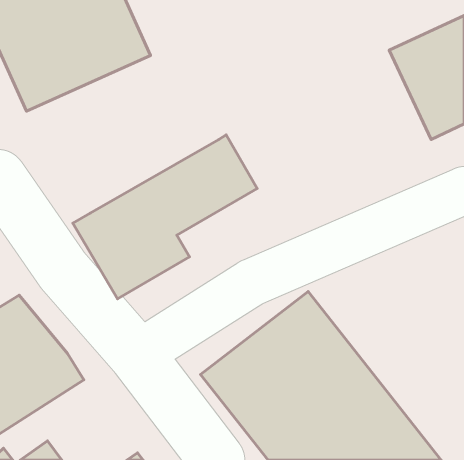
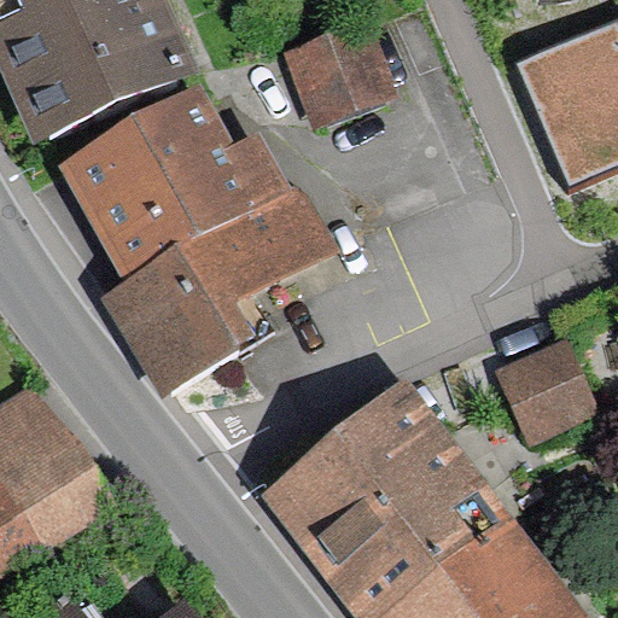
building: none -> [284,19,396,126]
building: none -> [56,87,290,282]
building: none -> [492,338,594,442]

